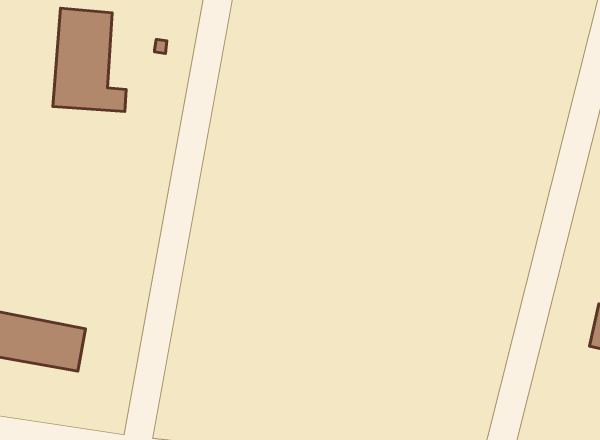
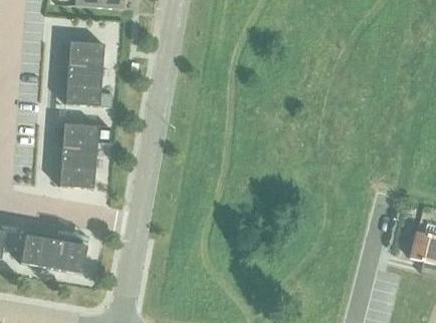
building: none -> [59,121,110,187]

